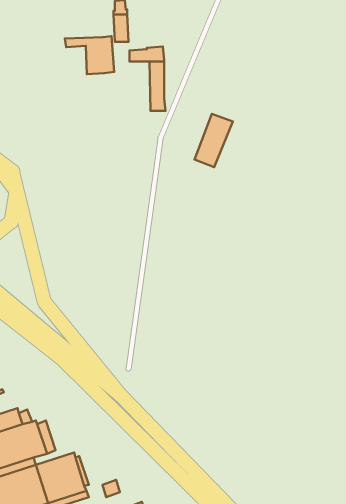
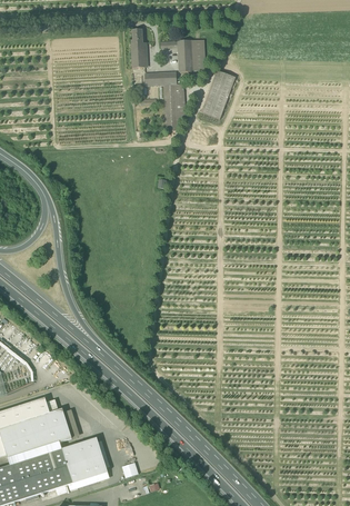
building: [65,36,114,74] -> [160,38,204,72]
building: [195,114,233,167] -> [200,70,234,118]

